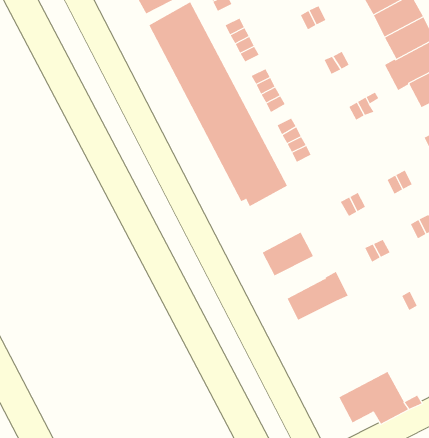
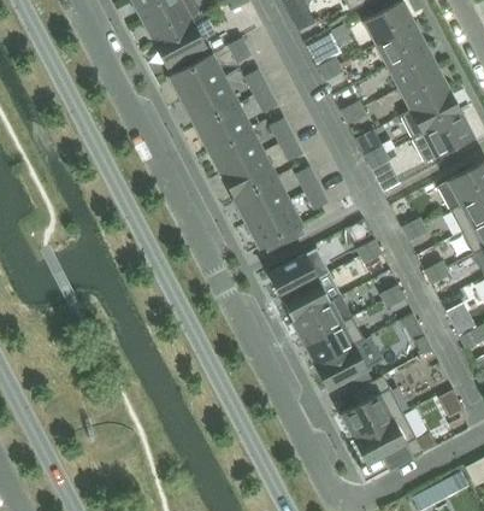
building: none -> [268,248,330,298]
building: none -> [293,301,342,342]
building: none -> [315,345,366,388]
building: none -> [342,375,403,439]

